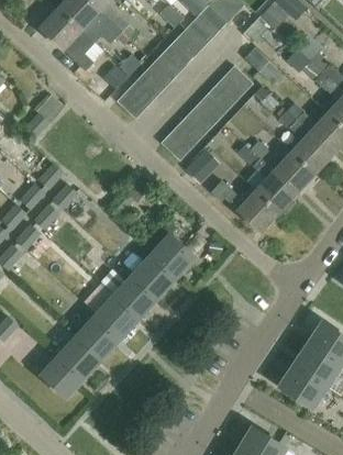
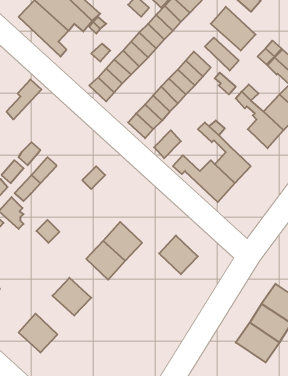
building: [273,151,313,191] -> none
building: [151,233,193,276] -> [159,235,198,274]
building: [95,293,137,336] -> none
building: [49,326,100,377] -> none

